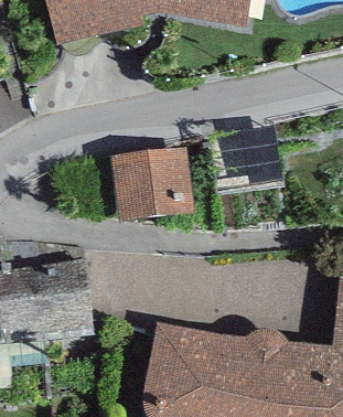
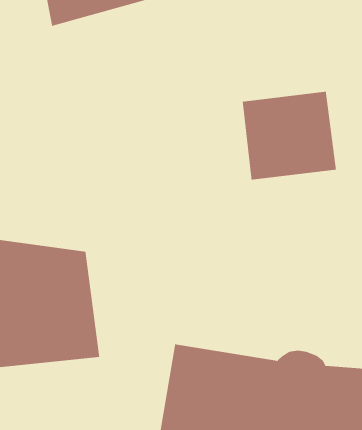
building: [111,146,193,223] -> [242,91,337,181]

